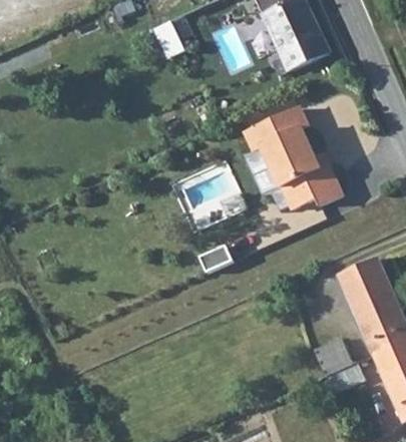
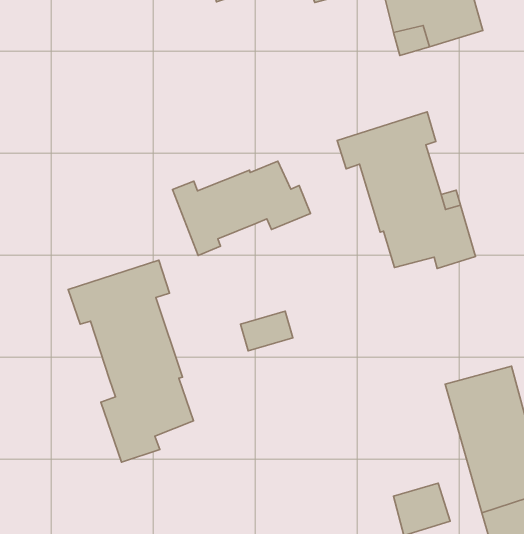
building: none -> [172,161,310,256]
building: none -> [68,260,193,462]

